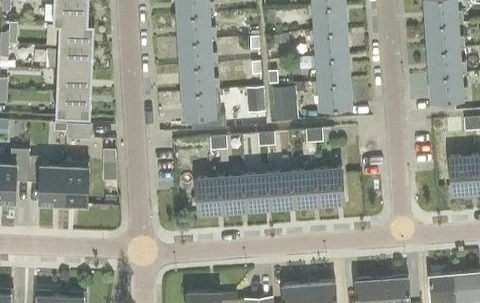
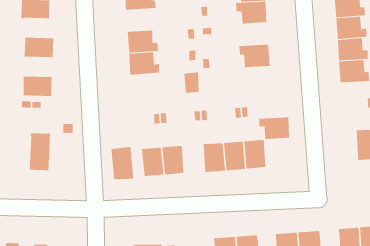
building: [177,13,215,40] -> none
building: [58,24,94,48] -> none
building: [309,29,347,57] -> none
building: [56,70,92,94] -> none
building: [313,81,350,108] -> [259,117,290,139]
building: [273,87,298,121] -> none
building: [182,89,225,129] -> none
building: [39,164,65,204] -> none
building: [245,173,271,208] -> none
building: none -> [111,146,134,180]

